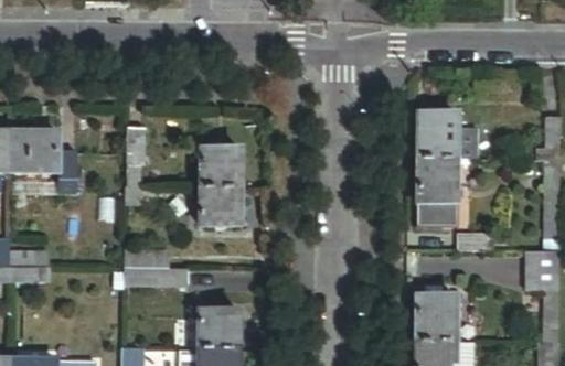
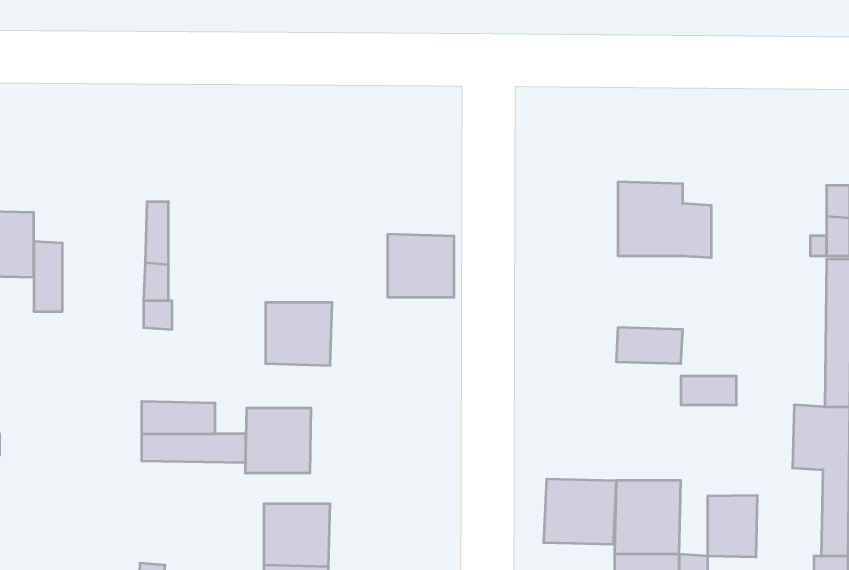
building: [201,148,242,186] -> [388,234,454,297]
building: [417,158,457,203] -> none
building: none -> [246,408,311,473]
building: none -> [544,479,616,544]
building: none -> [708,495,757,557]

